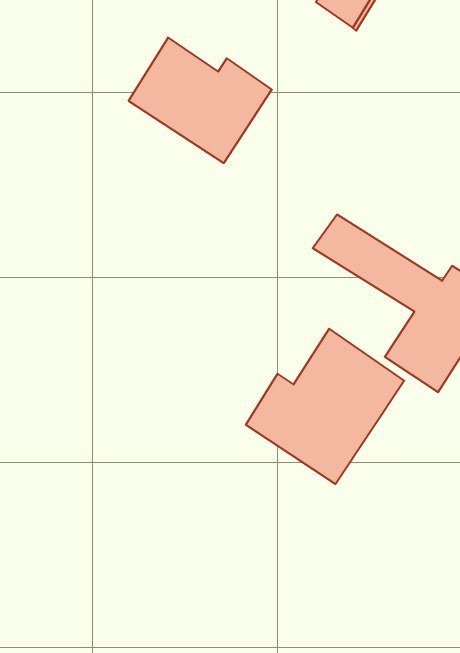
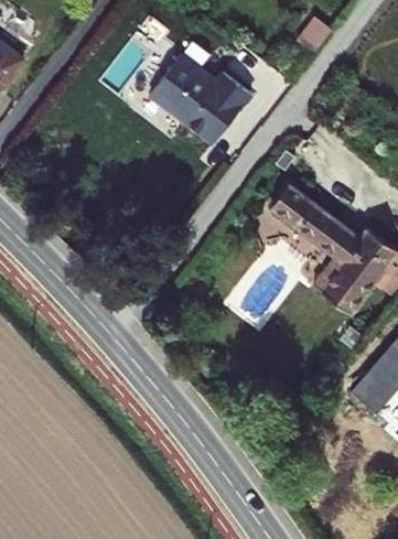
building: [246,329,404,484] -> none

